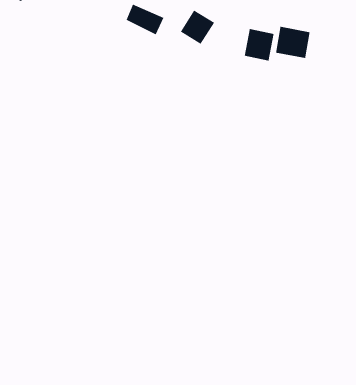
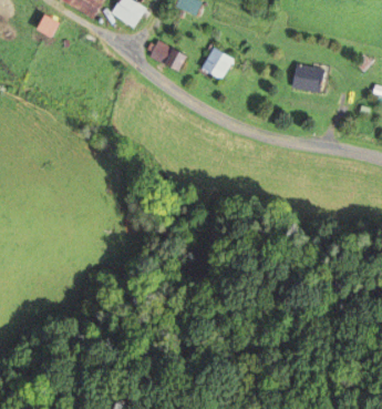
building: [244,28,275,62] -> none

